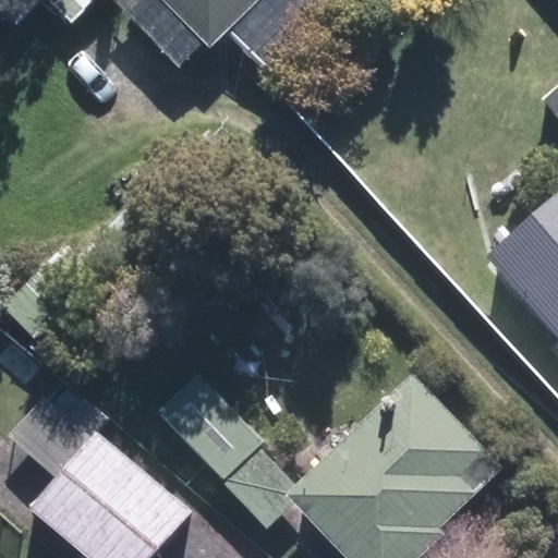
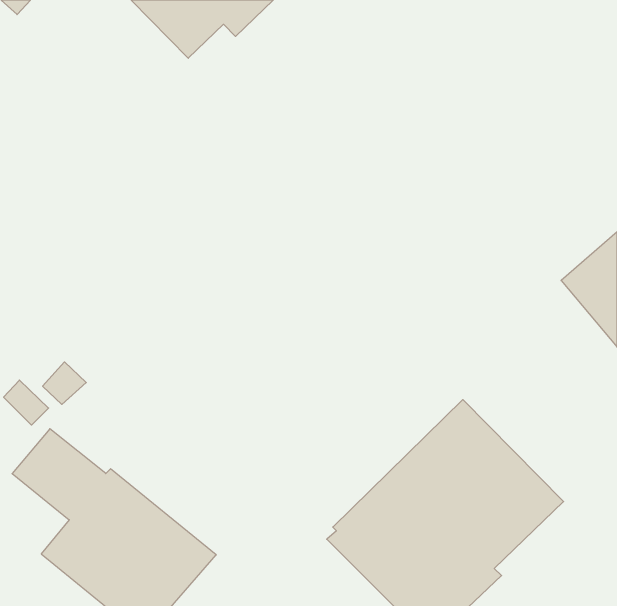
building: [155,373,298,525] -> none

